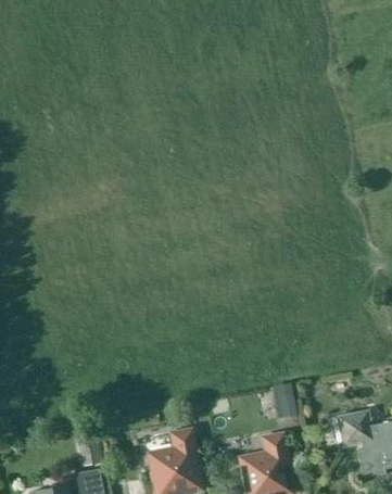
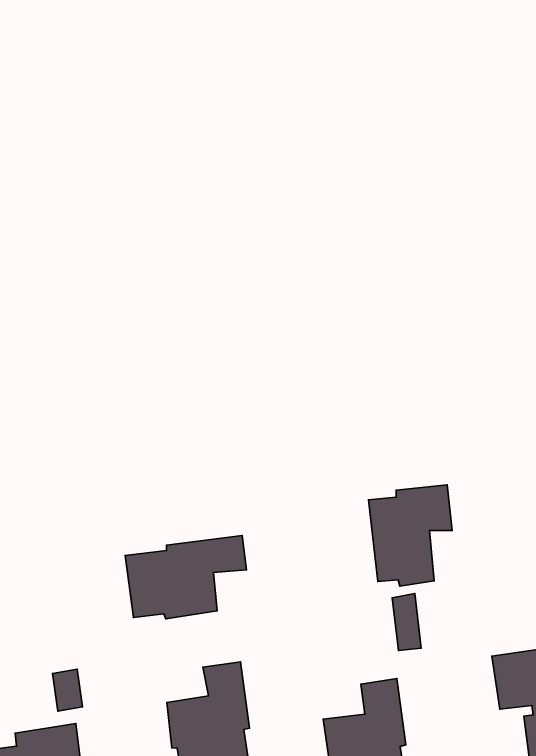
building: none -> [369,485,452,586]
building: none -> [125,535,247,619]

